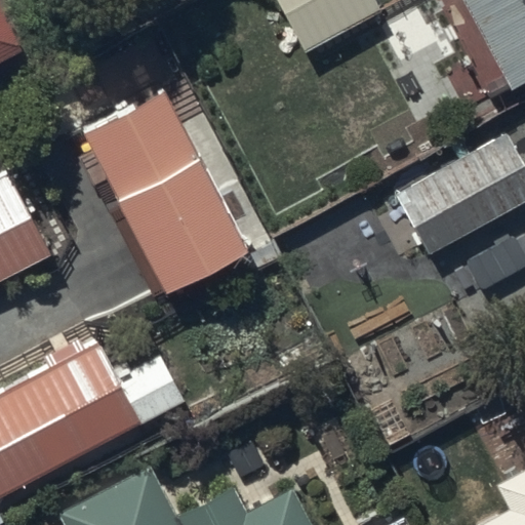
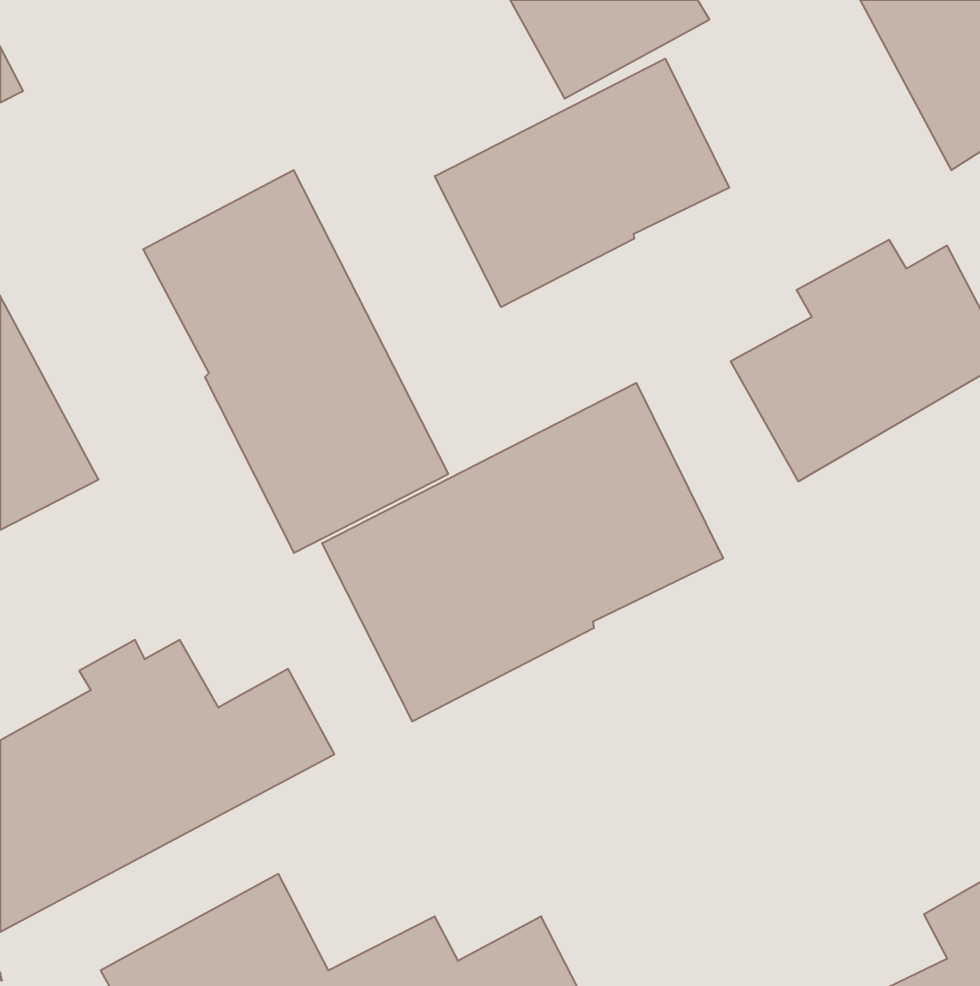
building: none -> [435,59,729,307]
building: none -> [322,383,723,721]

